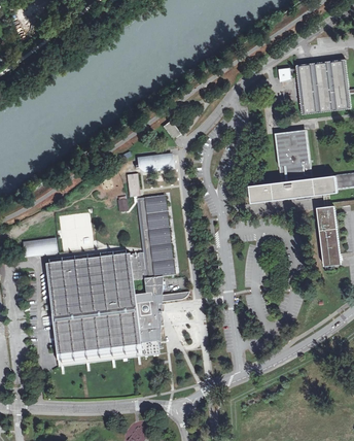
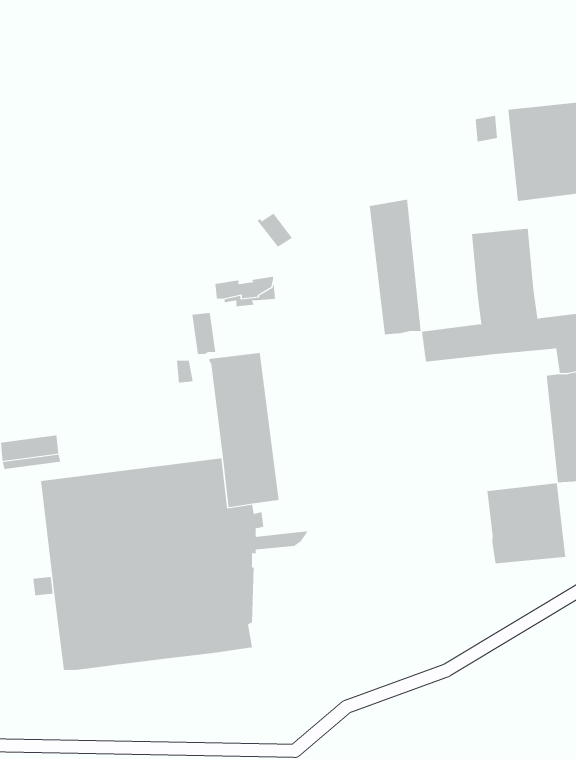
building: none -> [369,199,421,335]
building: none -> [487,483,566,564]

